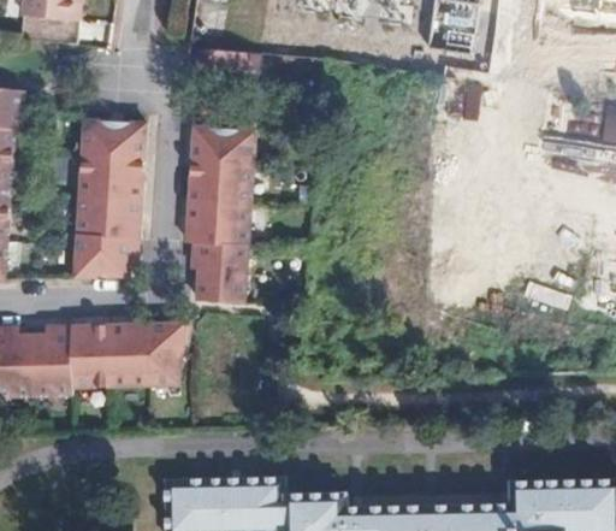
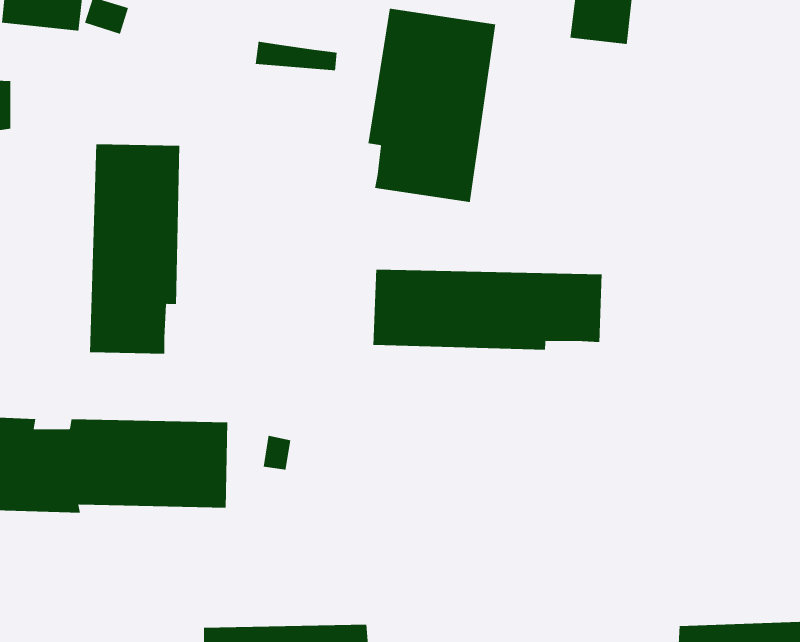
building: none -> [368,8,496,203]
building: [188,129,253,303] -> none
building: none -> [373,269,602,351]

